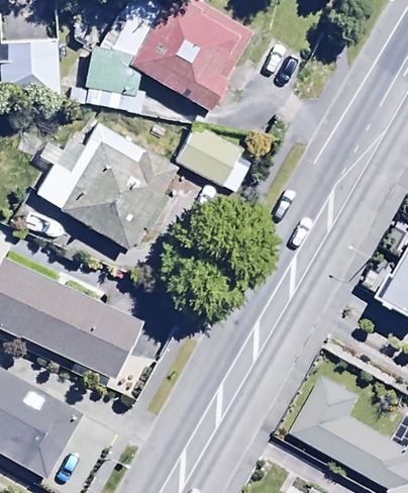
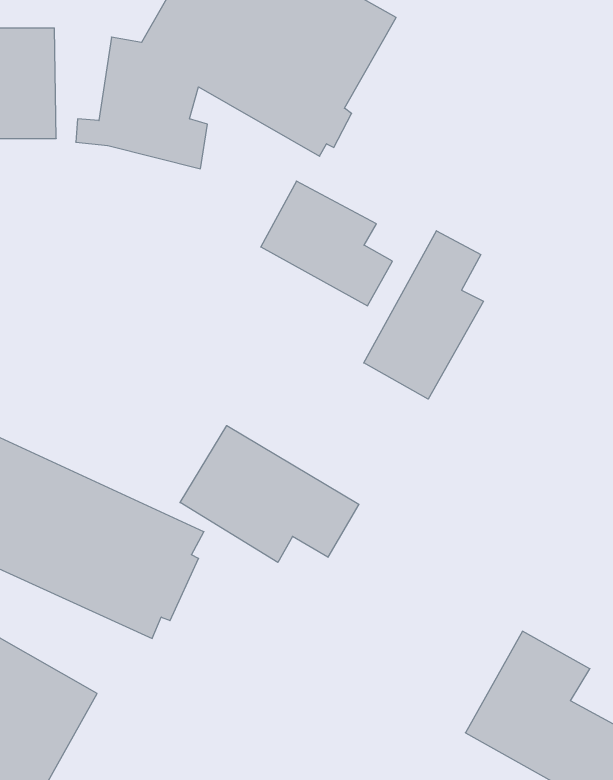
building: [32,116,191,248] -> none
building: none -> [364,231,483,399]
building: none -> [180,426,359,562]

